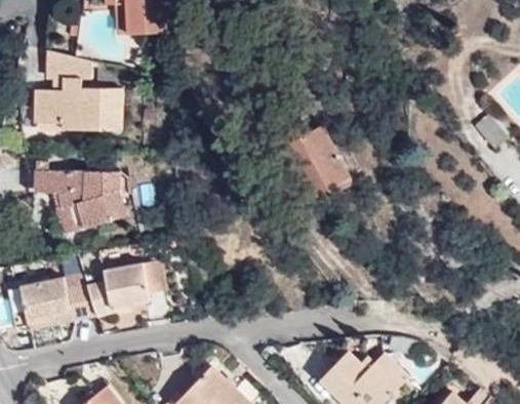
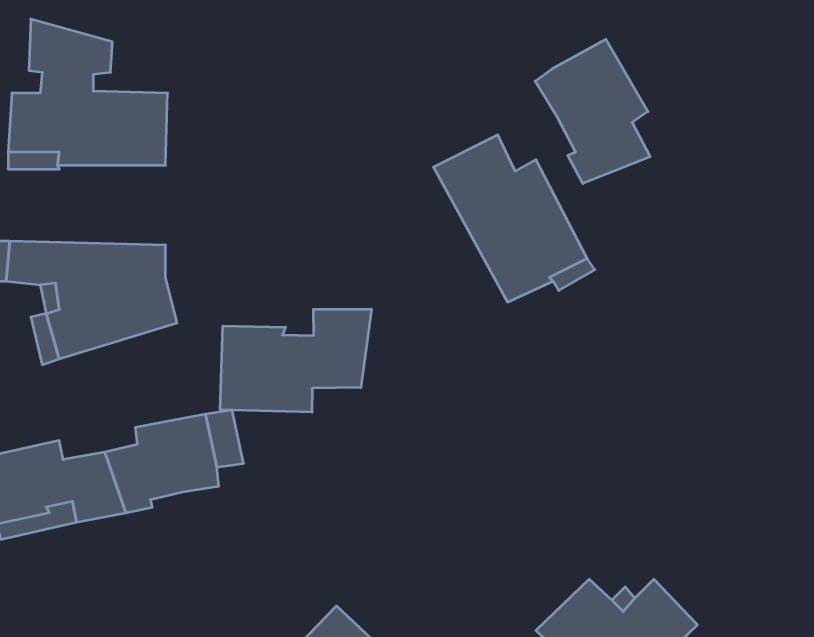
building: none -> [535,39,650,184]
building: none -> [220,309,371,412]

